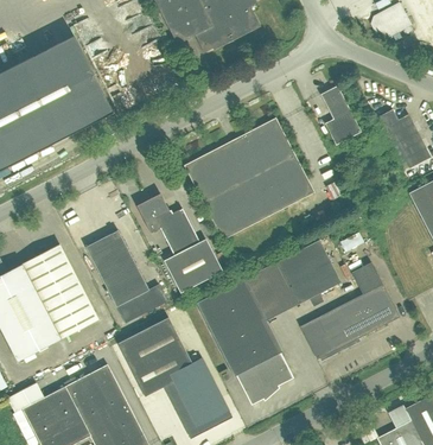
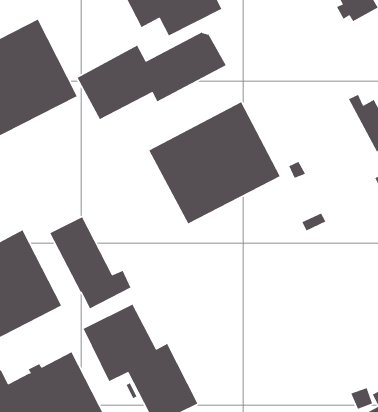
building: none -> [77,31,227,120]
building: [319,85,361,145] -> none
building: [135,197,222,293] -> none
building: [195,239,340,403] -> none
building: [299,261,399,358] -> none

